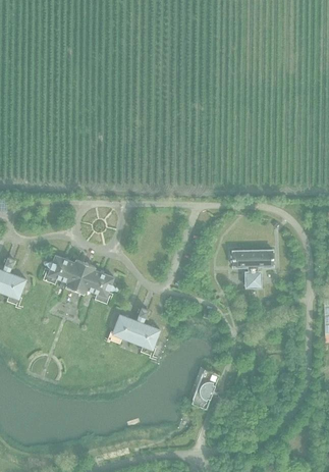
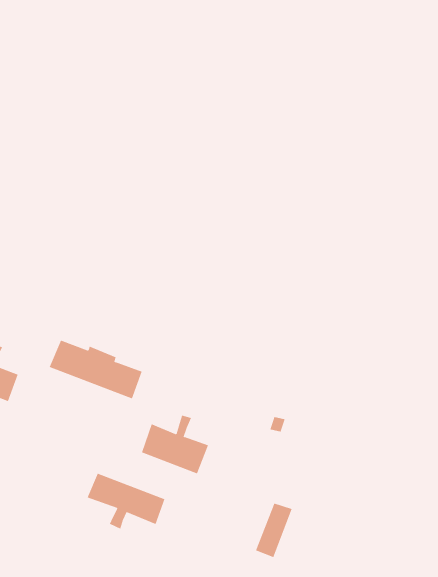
building: [232,251,274,289] -> none
building: none -> [87,473,165,530]

